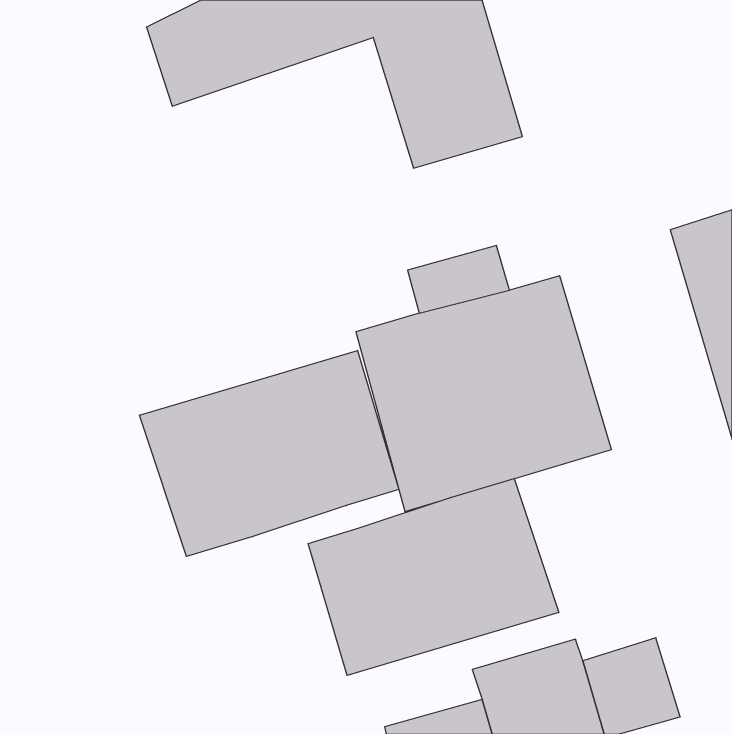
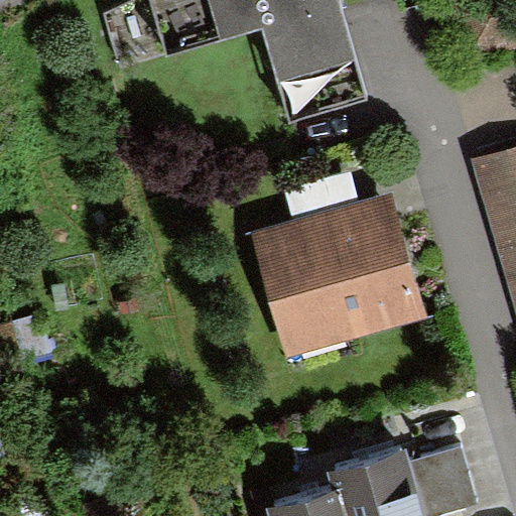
building: [140,350,399,556] -> none
building: [308,479,559,675] -> none

